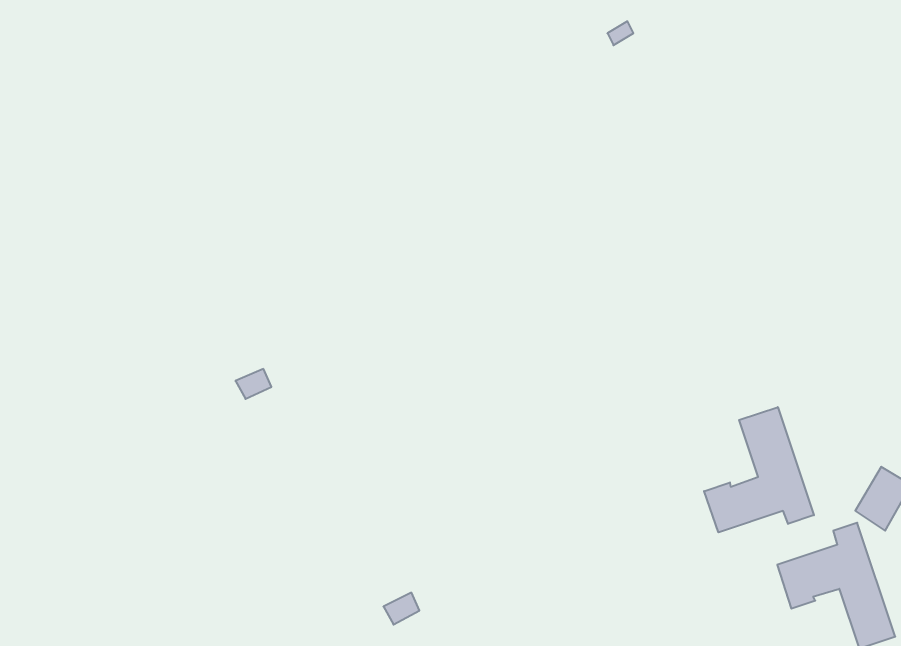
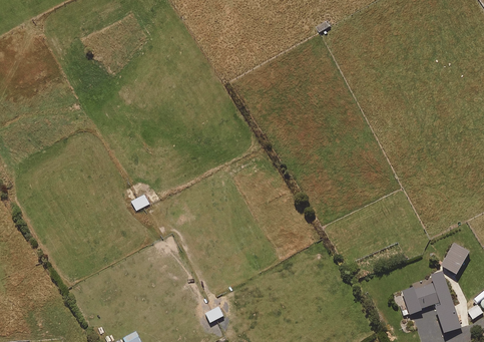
building: [704,407,814,532] -> none

